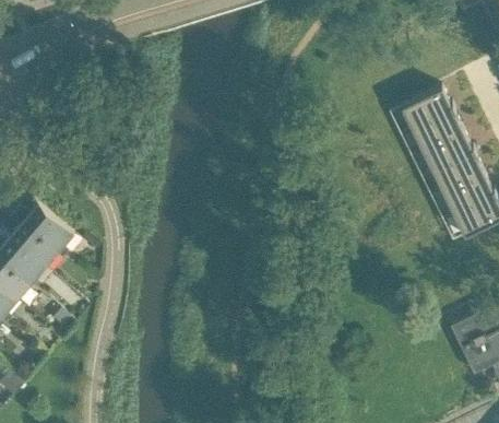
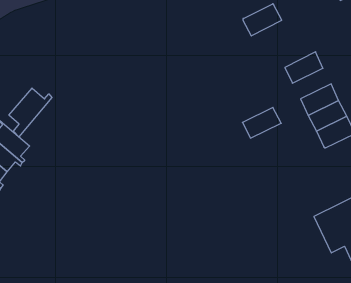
building: [399,89,450,131] -> [243,4,282,36]
building: [419,132,471,173] -> [242,107,281,138]
building: none -> [9,88,52,137]

